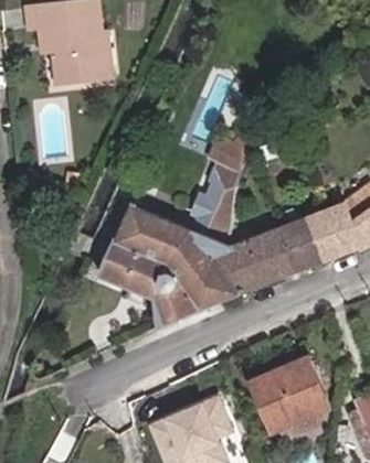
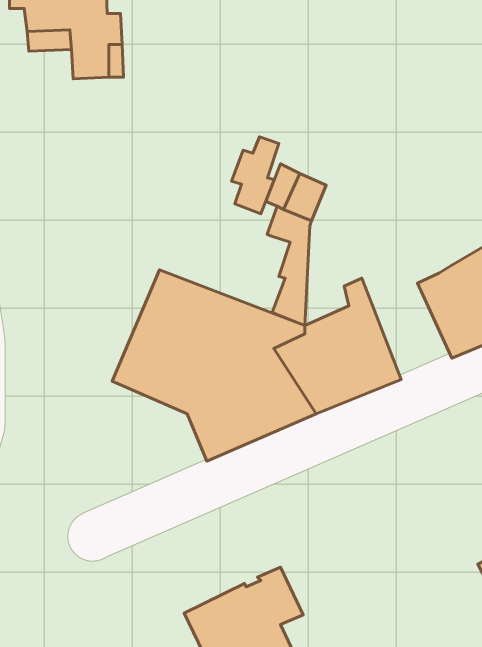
building: [191,179,223,230] -> [232,137,279,214]
building: [277,211,332,276] -> none
building: [245,364,321,437] -> none

